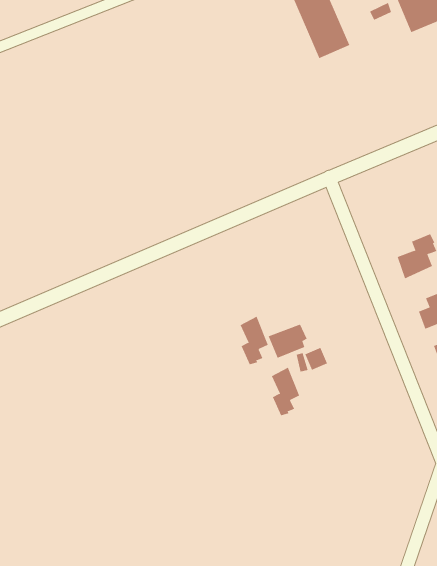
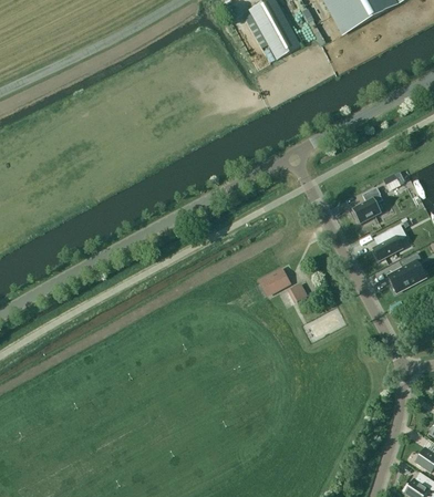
building: [240,316,269,365] -> none
building: [271,367,300,416] -> none

